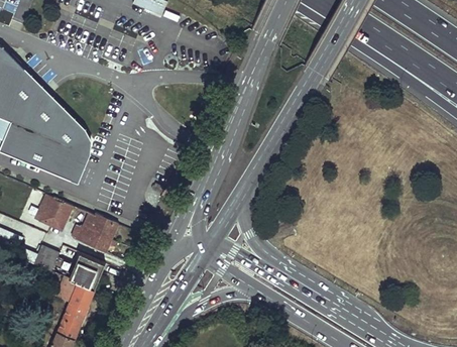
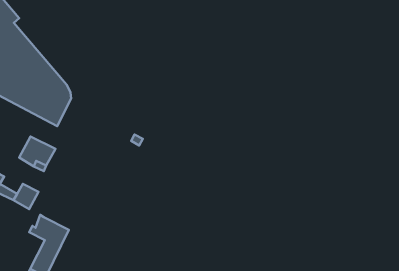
building: [18,71,92,184] -> none
building: [71,212,116,252] -> none
building: [67,252,104,288] -> none

